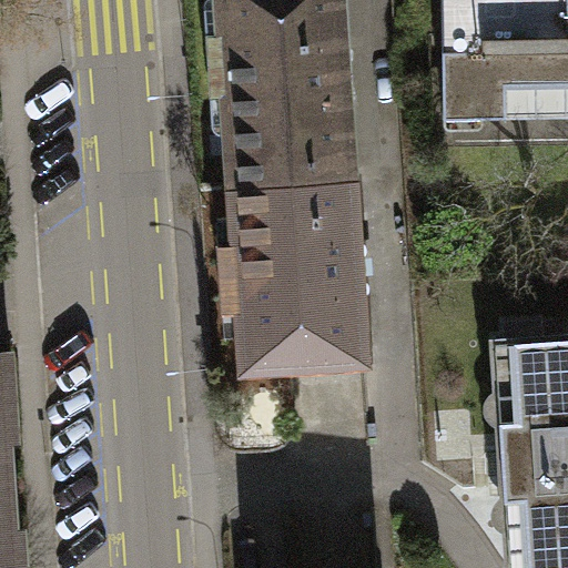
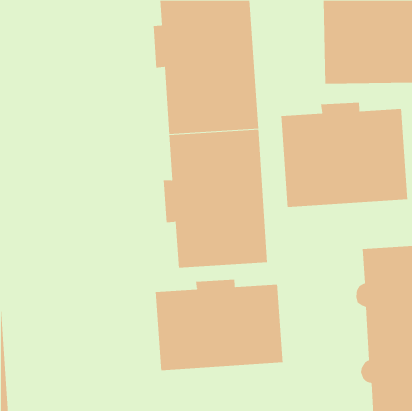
building: none -> [281,102,408,208]
building: none -> [155,279,283,371]

